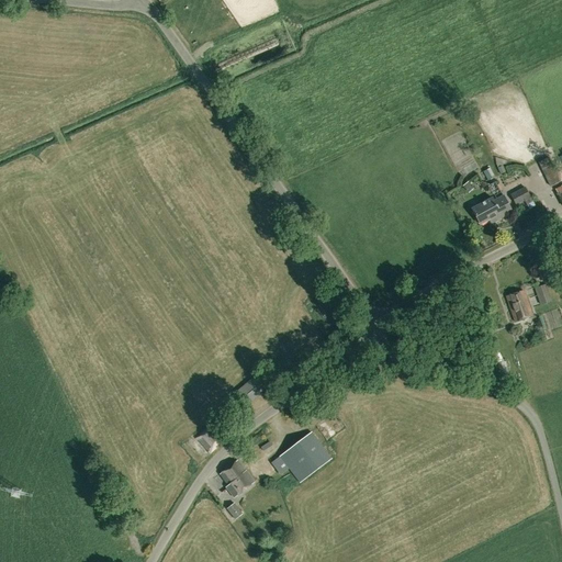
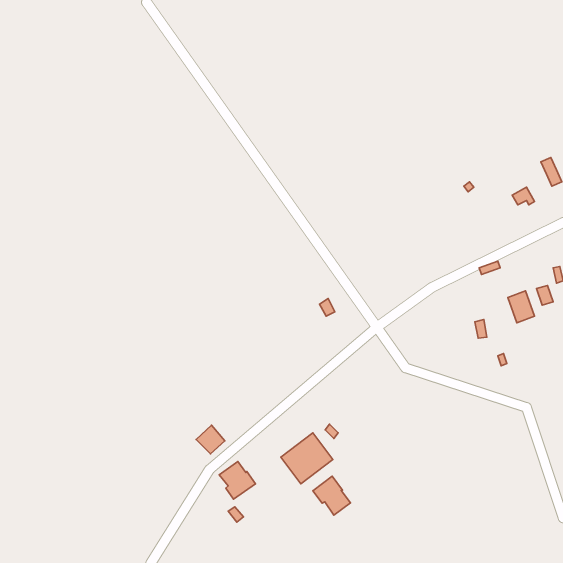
building: [472,195,512,224] -> none
building: none -> [313,476,350,515]

